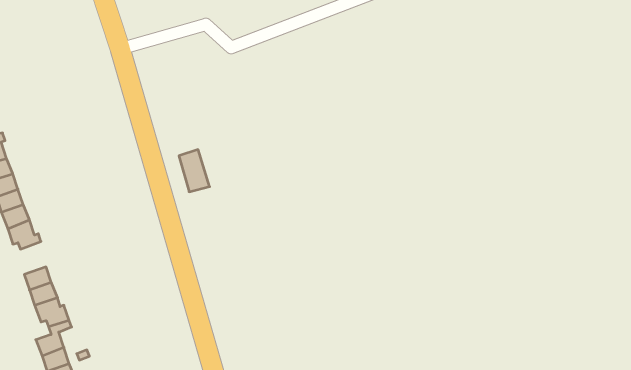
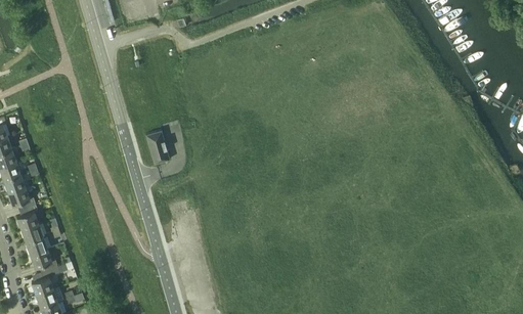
building: none -> [17,204,40,230]

